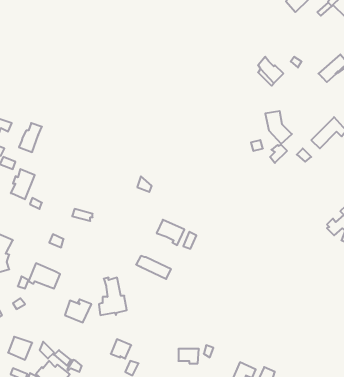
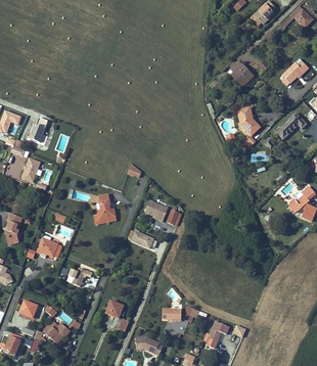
building: [99,278,127,315] -> [94,192,118,224]

